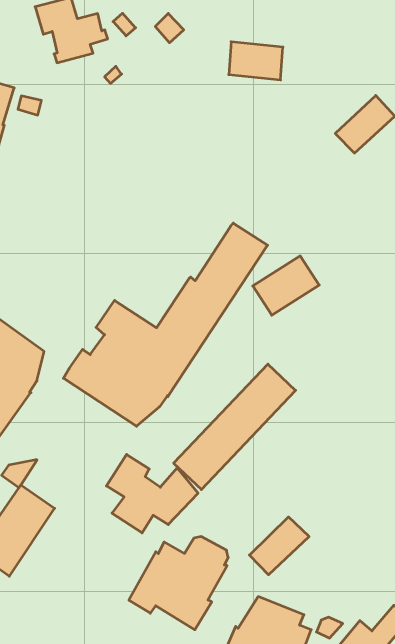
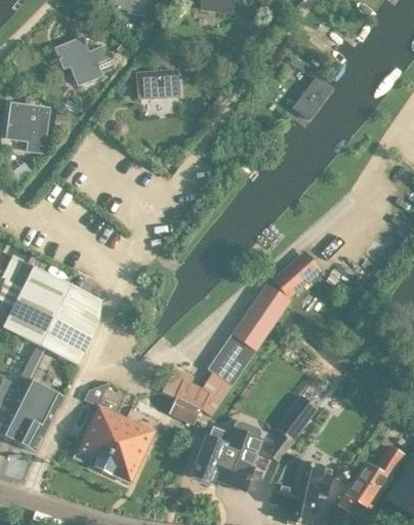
building: [229,42,283,80] -> [136,70,177,96]
building: [63,223,268,426] -> none
building: [253,256,319,315] -> [272,249,321,296]
building: none -> [100,415,153,483]

